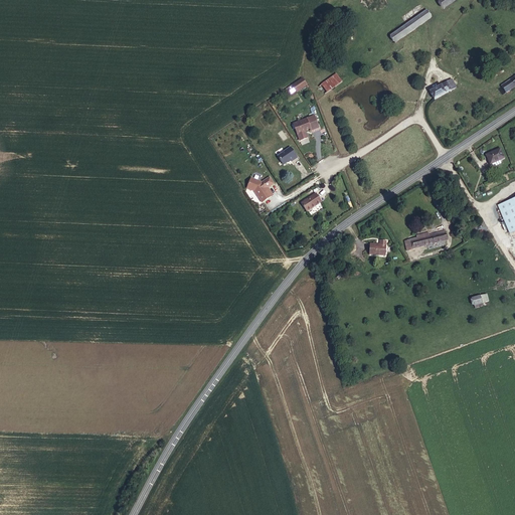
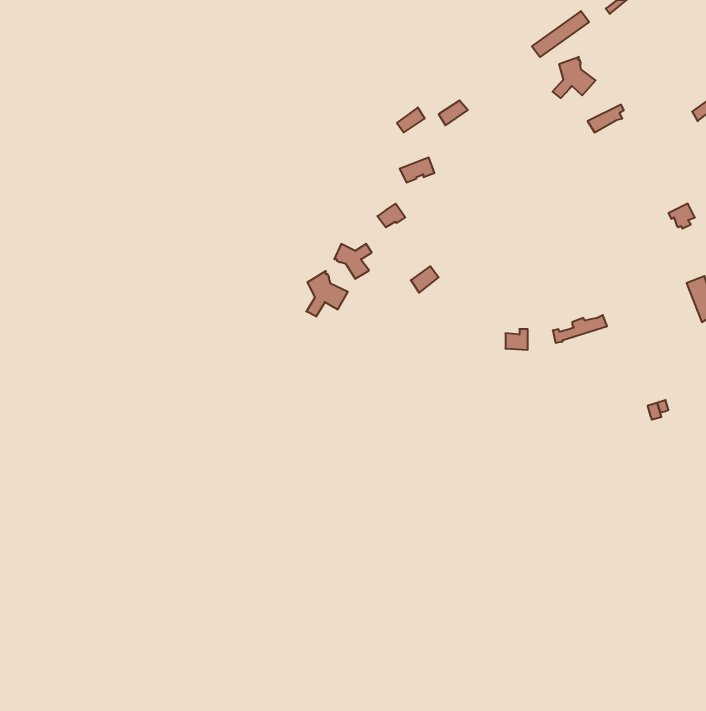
building: none -> [553,57,596,98]
building: none -> [306,271,348,317]

